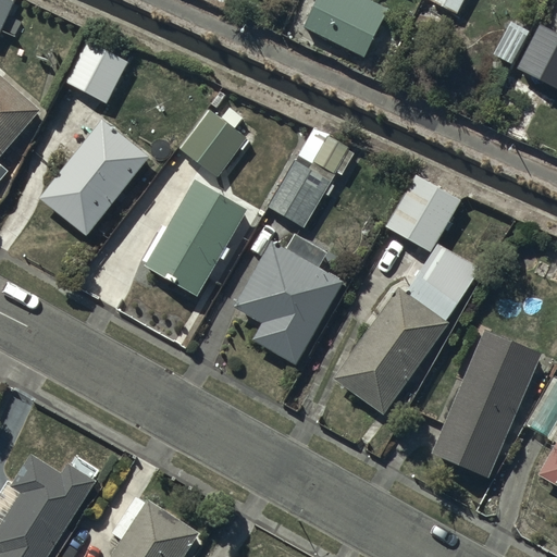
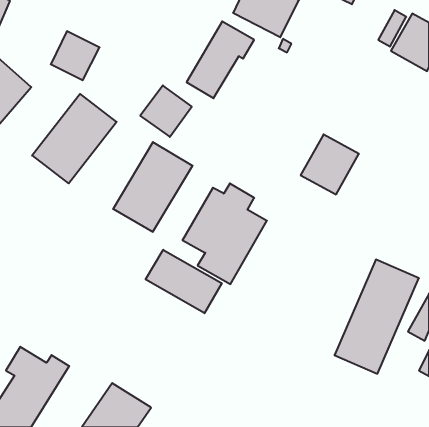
building: [269,126,356,225] -> [187,21,254,98]
building: [337,246,478,412] -> none
building: none -> [146,250,222,313]

